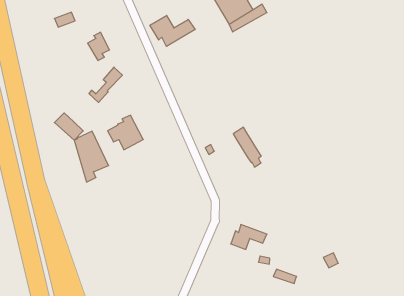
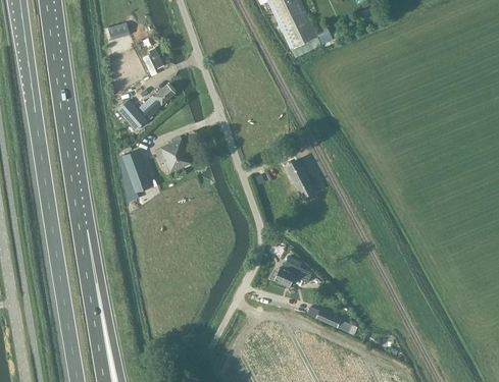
building: [150,15,195,46] -> none
building: [54,113,83,140] -> [118,99,148,128]

